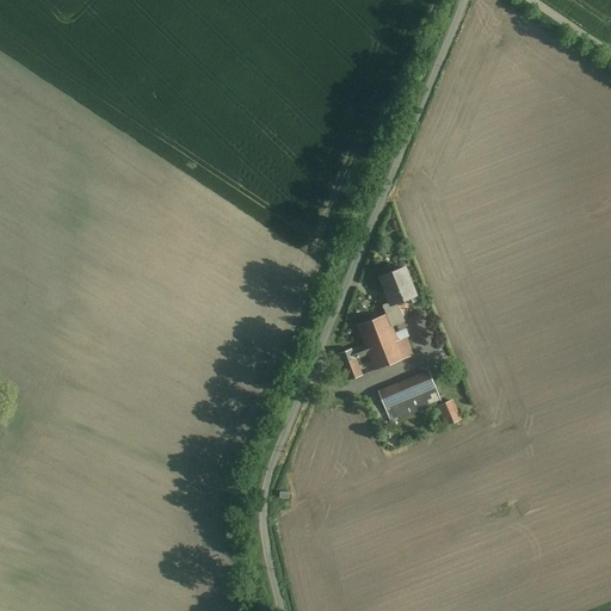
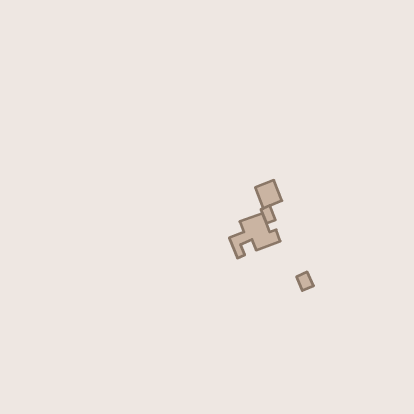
building: [377,370,440,421] -> none

